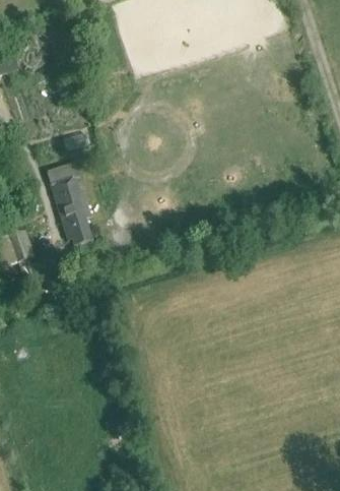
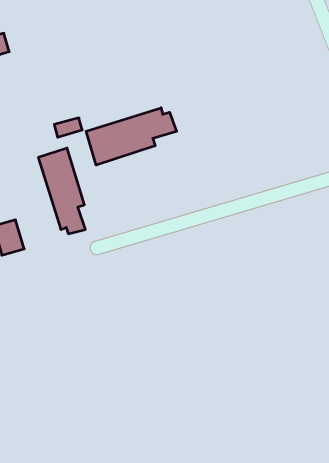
building: none -> [86,108,177,165]

